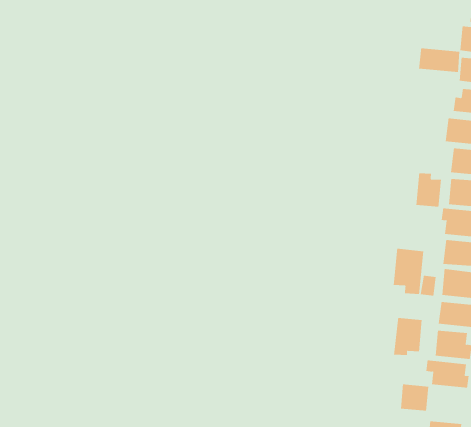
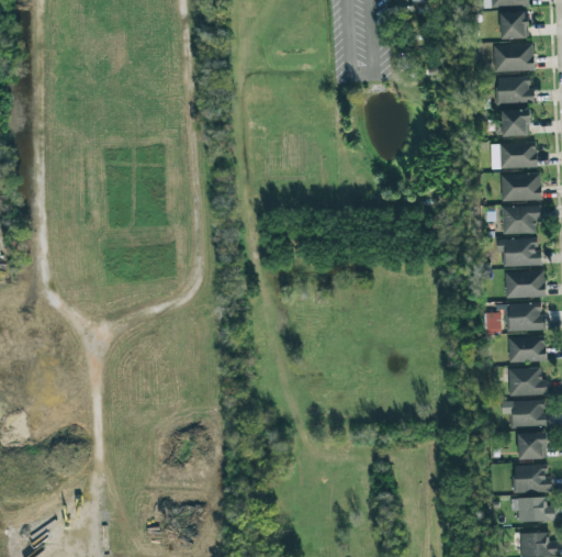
building: [418,48,460,73] -> none
building: [416,172,441,208] -> none
building: [393,248,424,295] -> none
building: [394,317,422,356] -> none
building: [400,384,429,411] -> [517,433,547,460]

